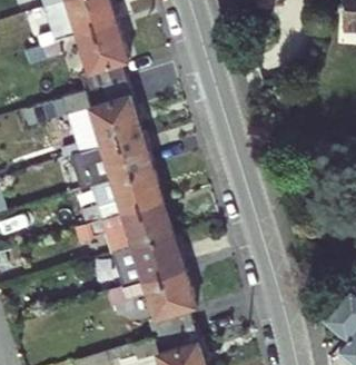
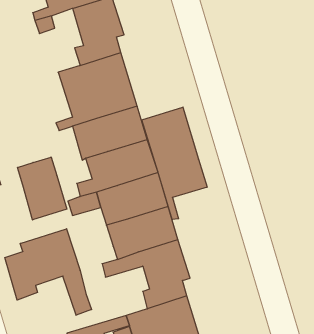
building: none -> [142,107,207,220]
building: none -> [18,157,67,220]
building: none -> [5,229,92,315]

